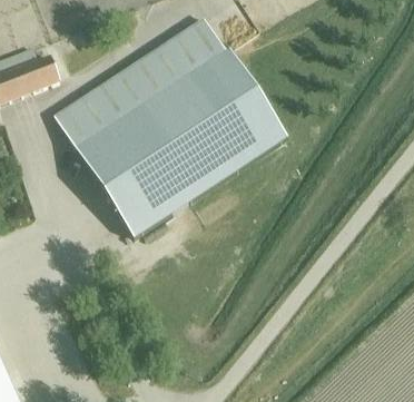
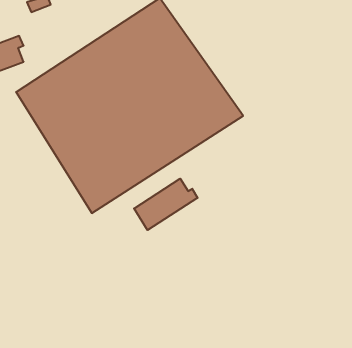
building: none -> [134,179,198,230]

